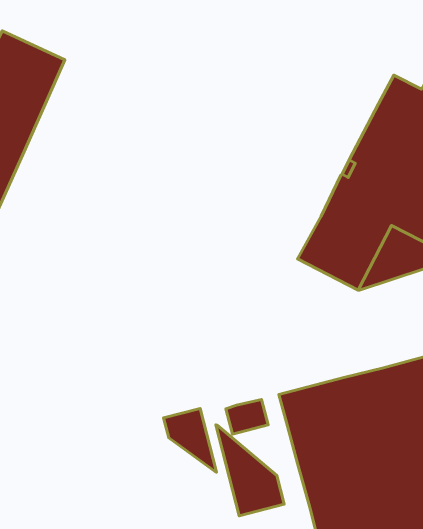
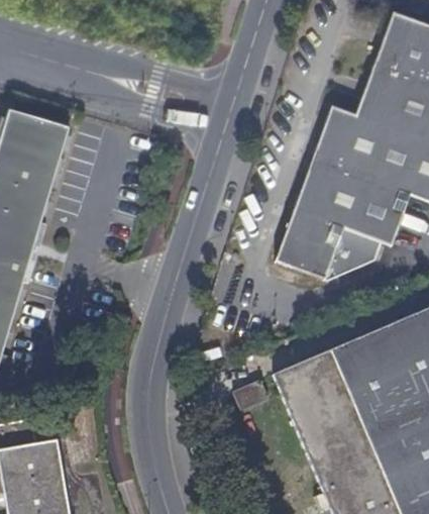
building: [164,409,217,472] -> none
building: [216,425,284,516] -> none

